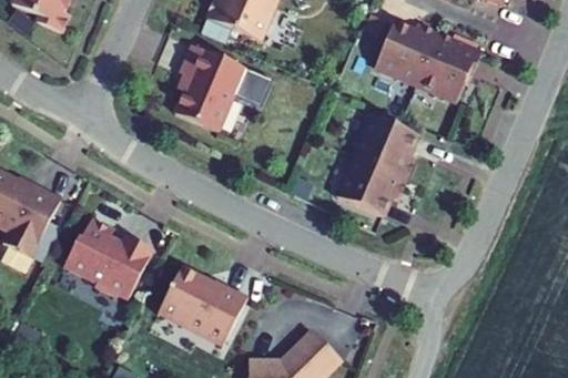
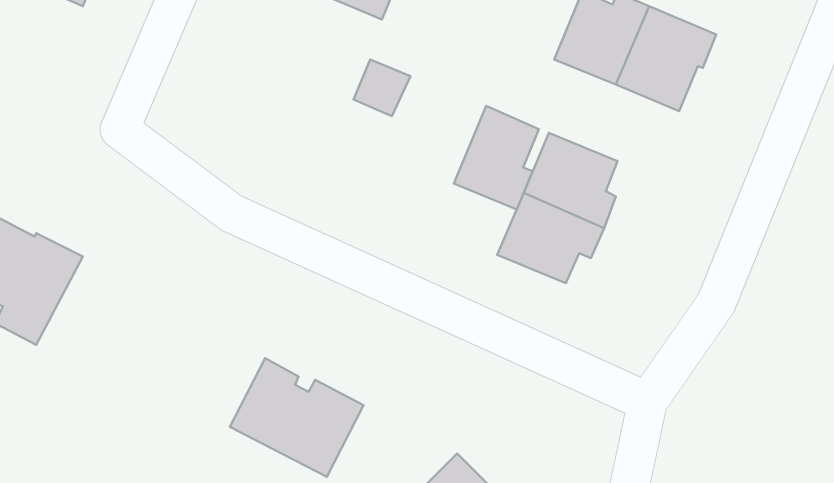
building: [174,45,244,131] -> none
building: none -> [454,106,539,209]
building: [63,218,153,298] -> none

